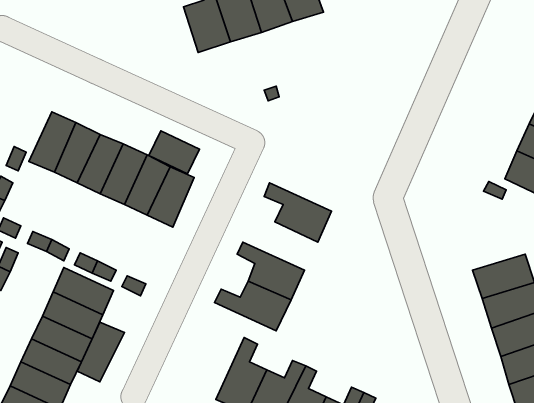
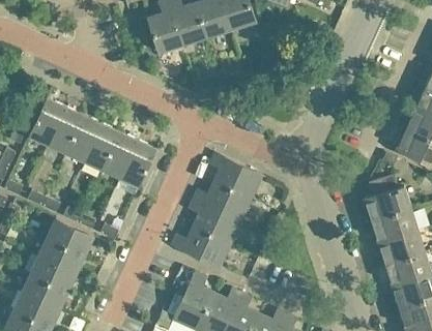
building: [149,131,199,174] -> none
building: none -> [363,174,410,220]
building: none -> [193,183,251,220]
building: [77,322,124,382] -> none

